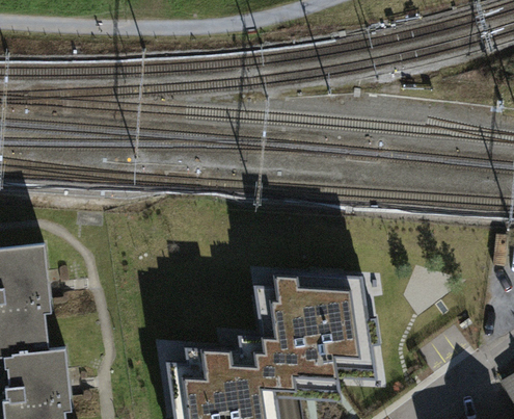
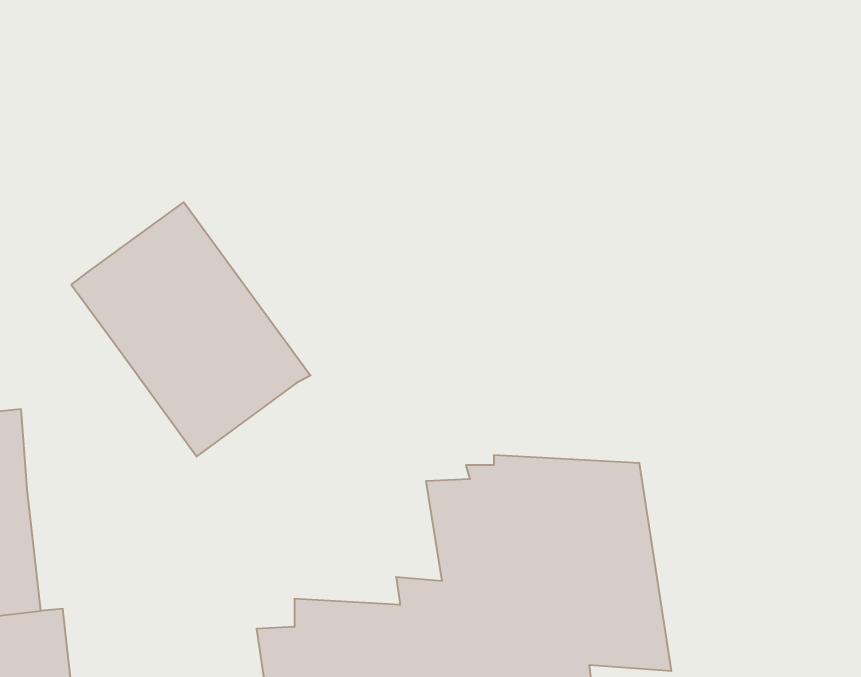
building: none -> [71,202,311,457]

